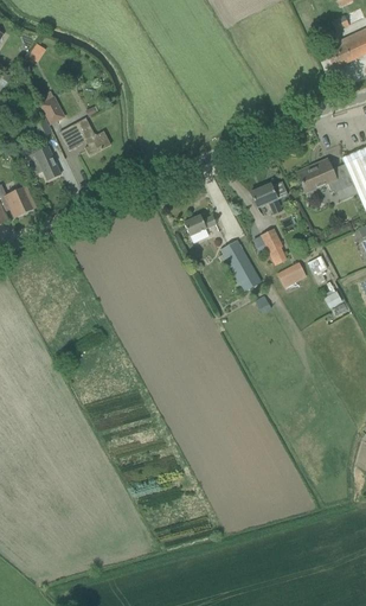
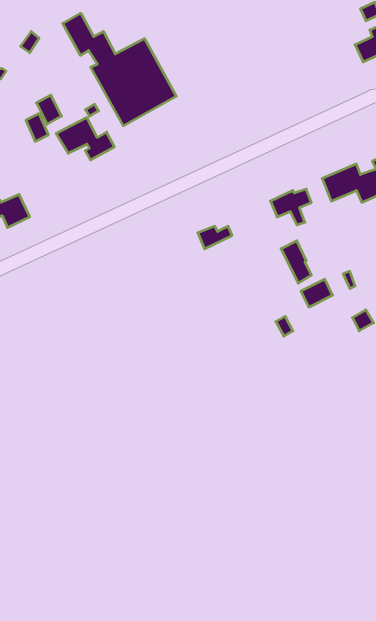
building: none -> [63,13,176,126]
building: [26,146,62,180] -> none
building: [219,240,262,291] -> none

